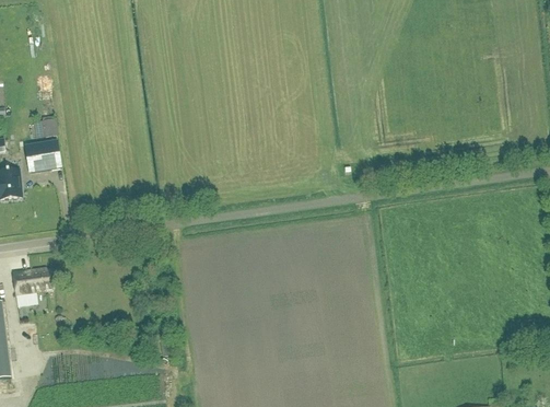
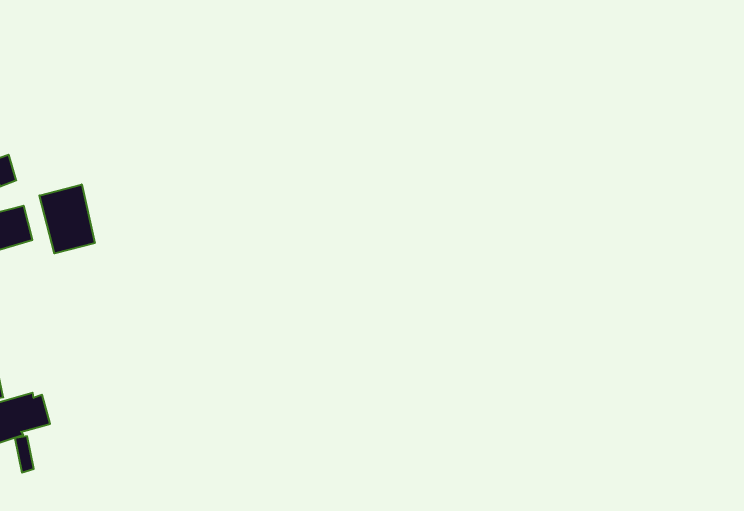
building: none -> [39,184,95,253]

